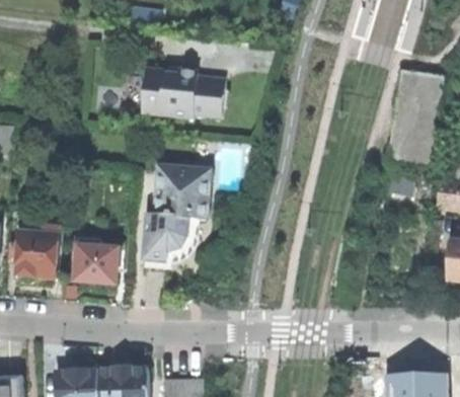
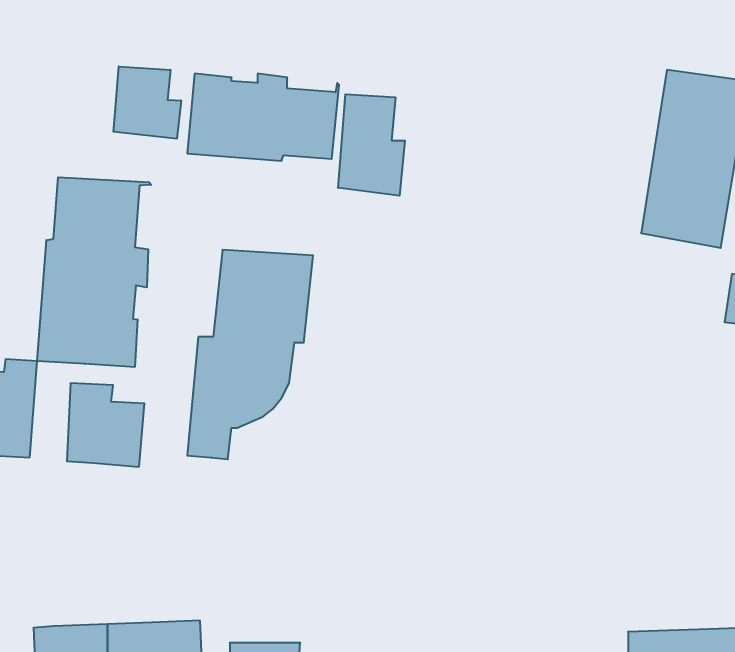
building: none -> [114,66,181,139]
building: none -> [338,94,405,196]
building: none -> [37,177,151,367]

